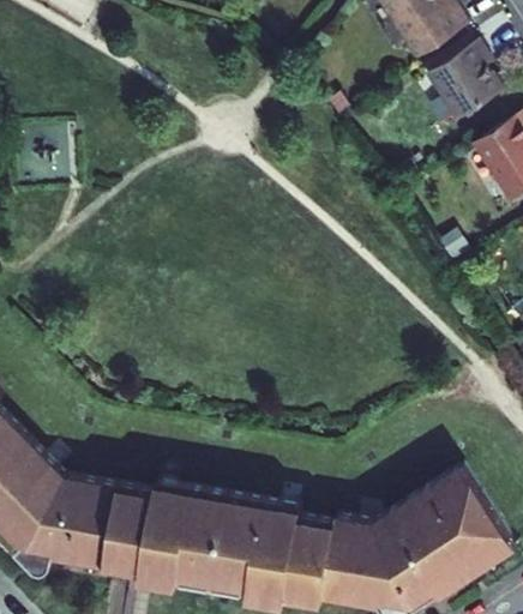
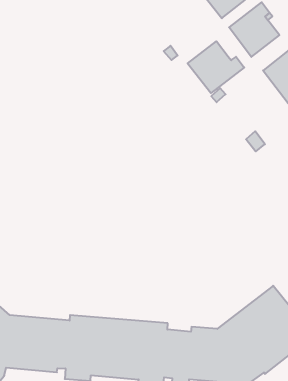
building: none -> [188,41,244,93]

